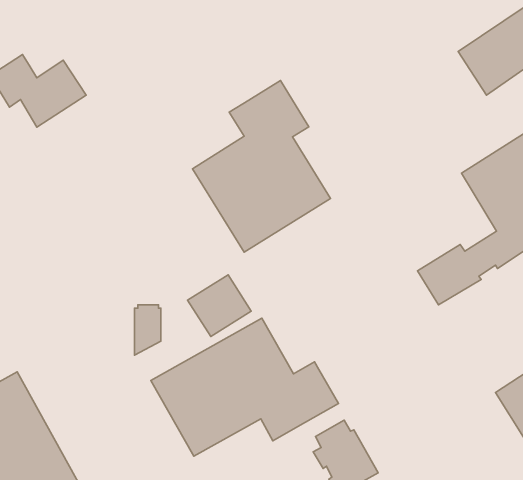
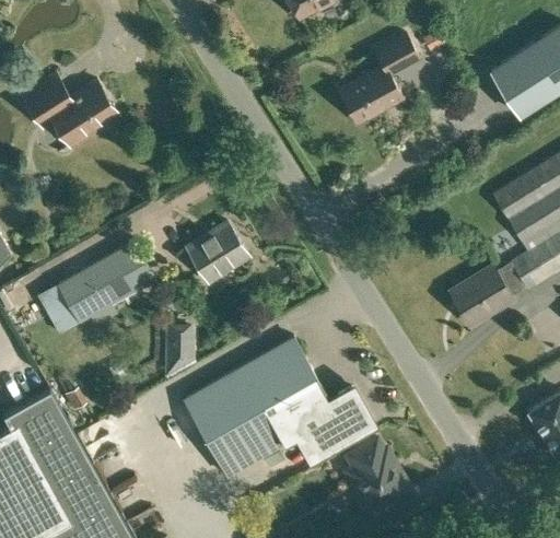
building: none -> [339,35,419,124]
building: [192,80,331,252] -> none
building: none -> [38,242,158,336]
building: [188,275,251,336] -> [186,223,249,284]

